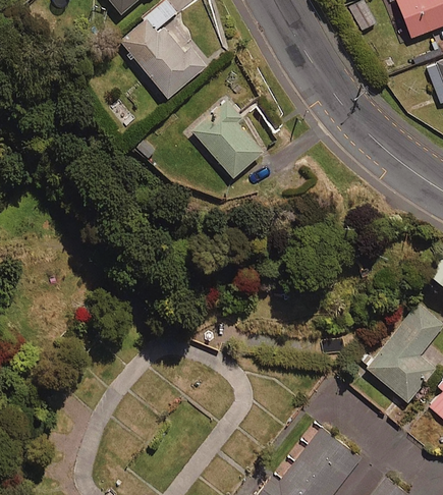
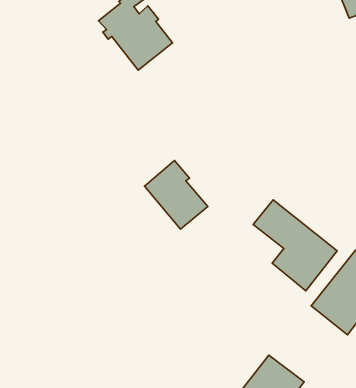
building: [190,99,264,178] -> [144,160,208,229]
building: none -> [253,200,337,291]

